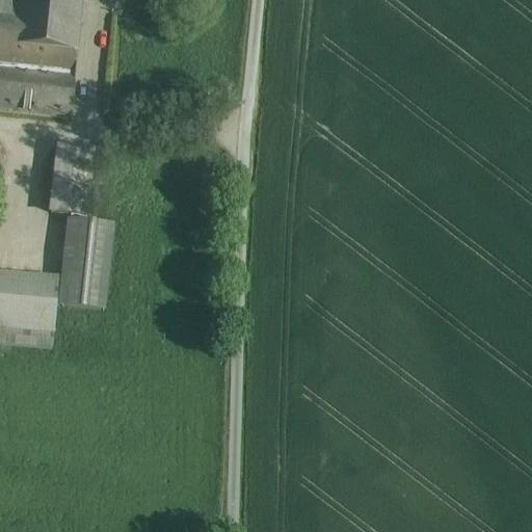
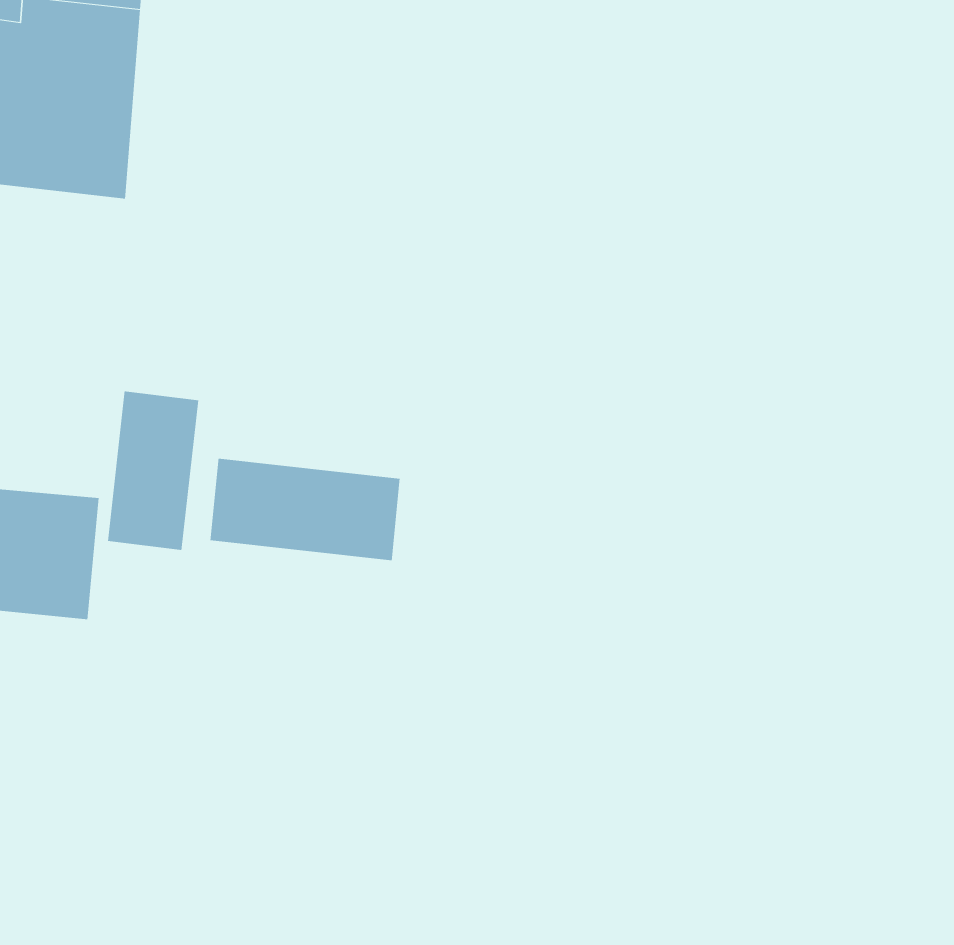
building: [49,142,90,210] -> none
building: none -> [210,458,400,561]

